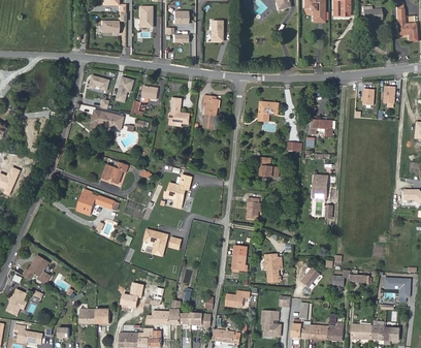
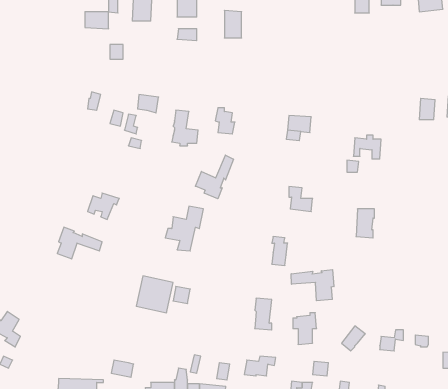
building: [90,112,123,132] -> none
building: none -> [195,155,233,199]
building: none -> [291,270,334,301]

